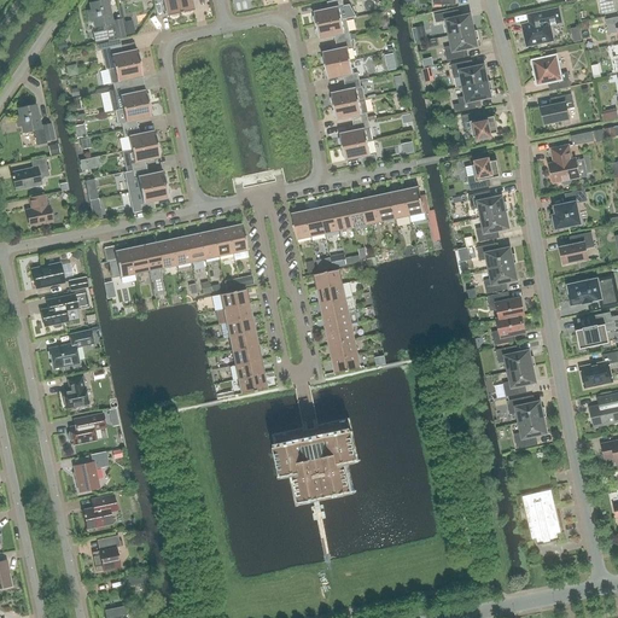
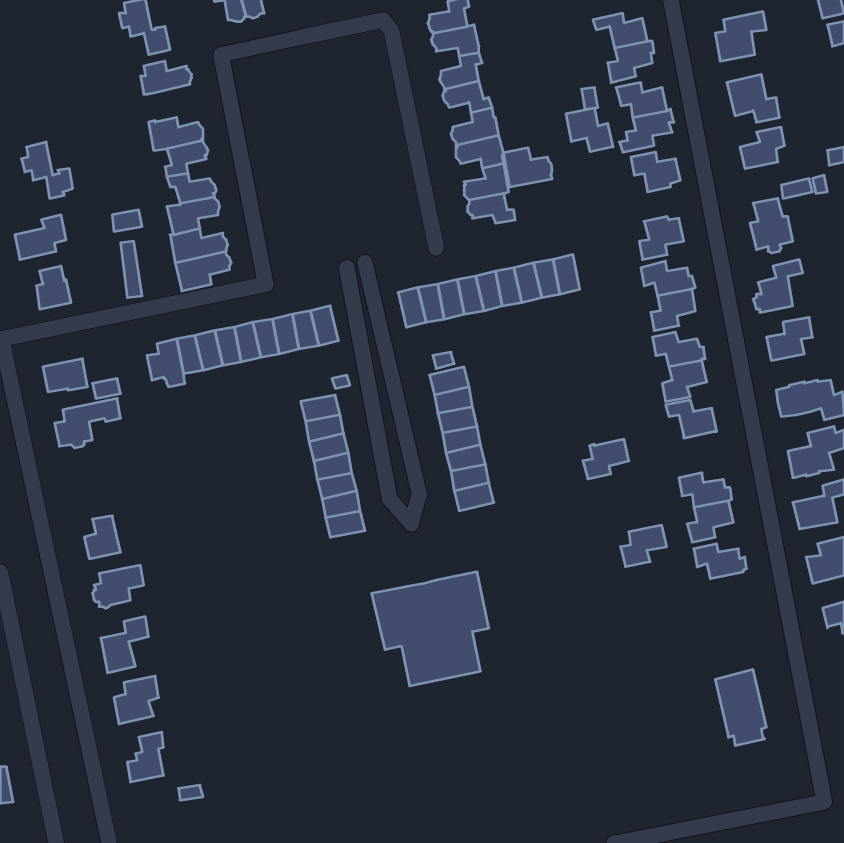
building: [107,62,142,89] -> none
building: none -> [566,108,613,152]
building: none -> [504,148,552,187]
building: [491,315,525,344] -> [583,439,629,479]
building: [48,330,93,367] -> none
building: [513,418,547,448] -> [620,525,667,567]

